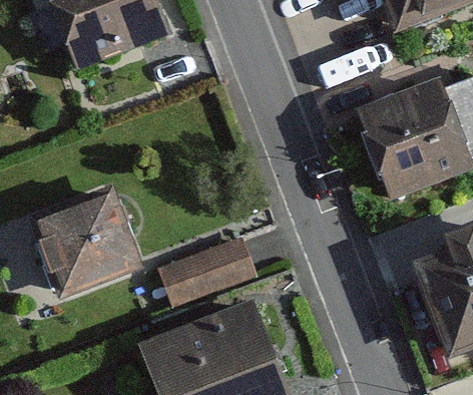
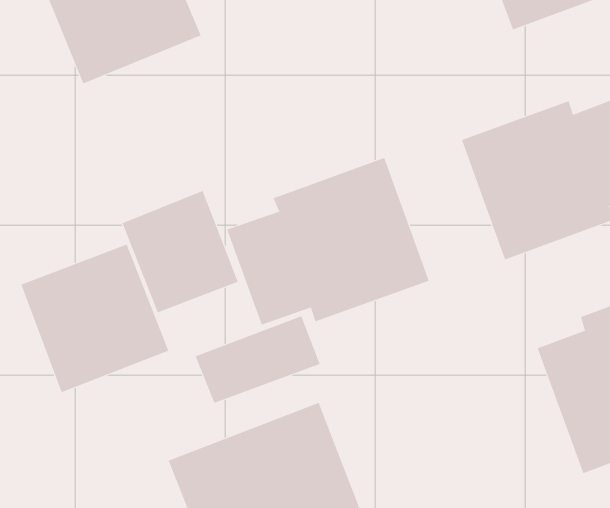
building: none -> [227,157,430,325]
building: none -> [122,190,238,313]

